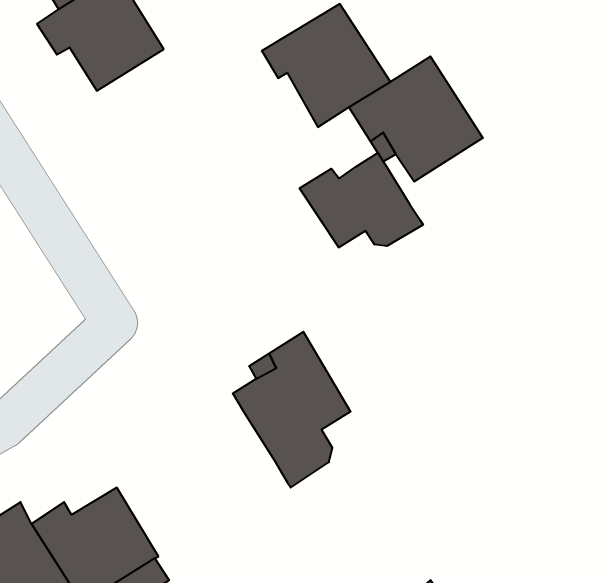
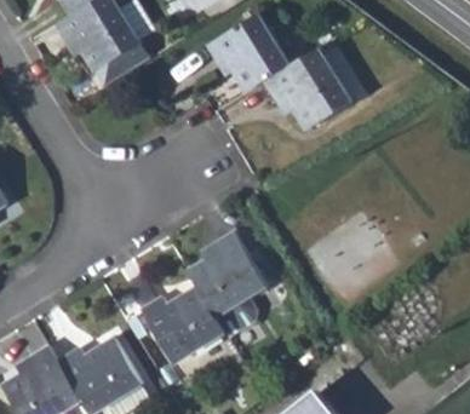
building: [300,153,423,248] -> none
building: none -> [138,284,224,363]

